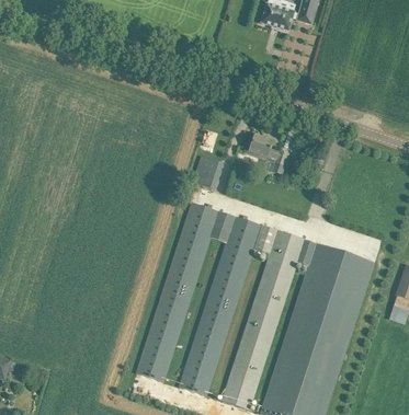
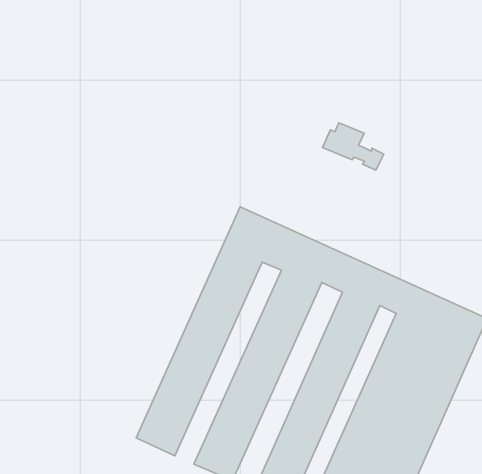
building: [192,154,223,188] -> none

